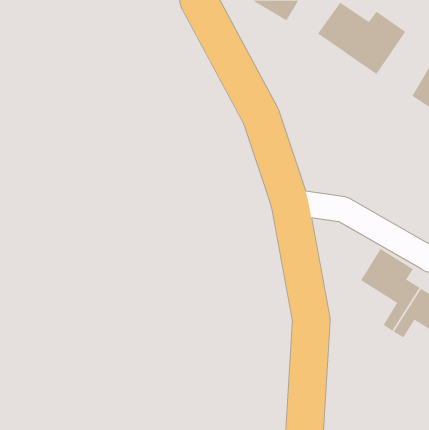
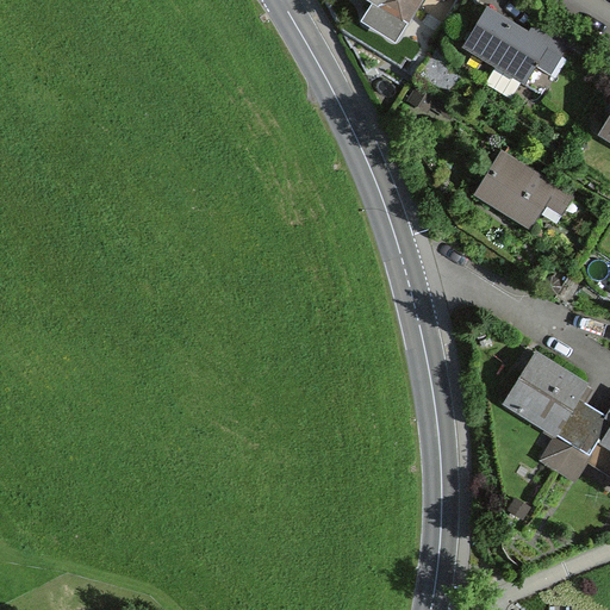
building: none -> [466,147,575,234]

